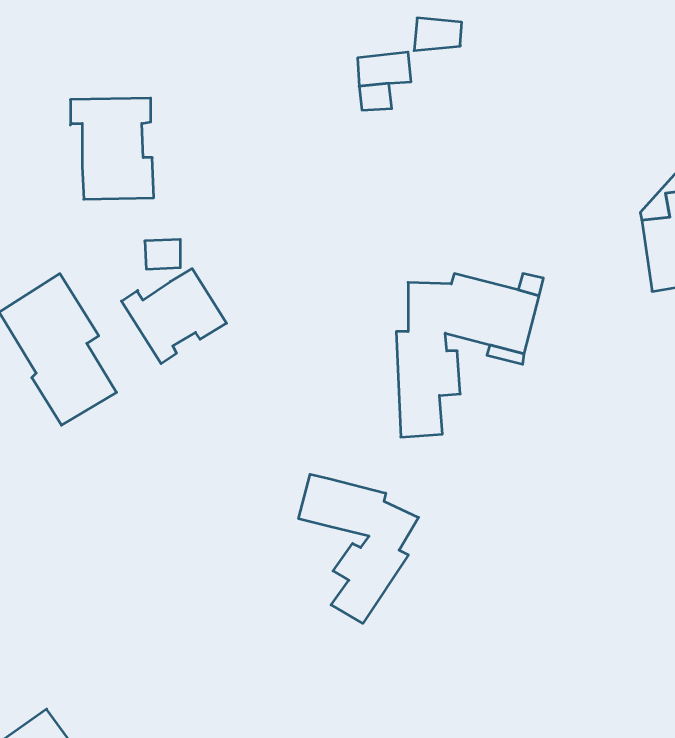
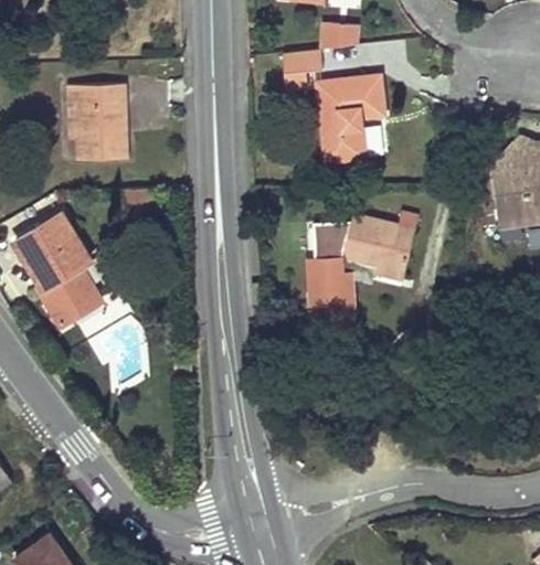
building: none -> [315,75,383,161]
building: [121,269,227,364] -> none
building: [299,474,419,623] -> none

